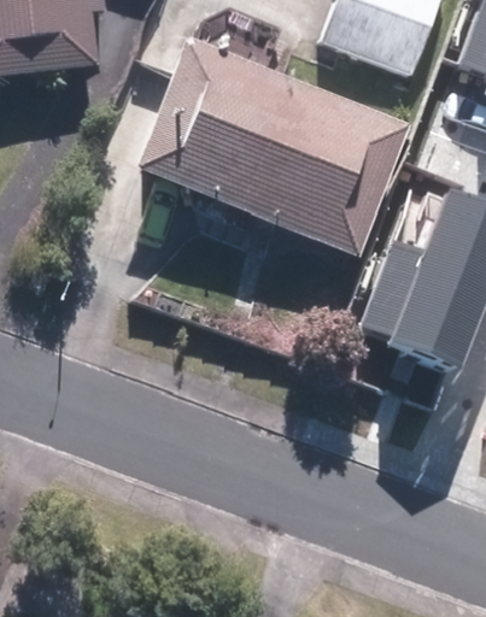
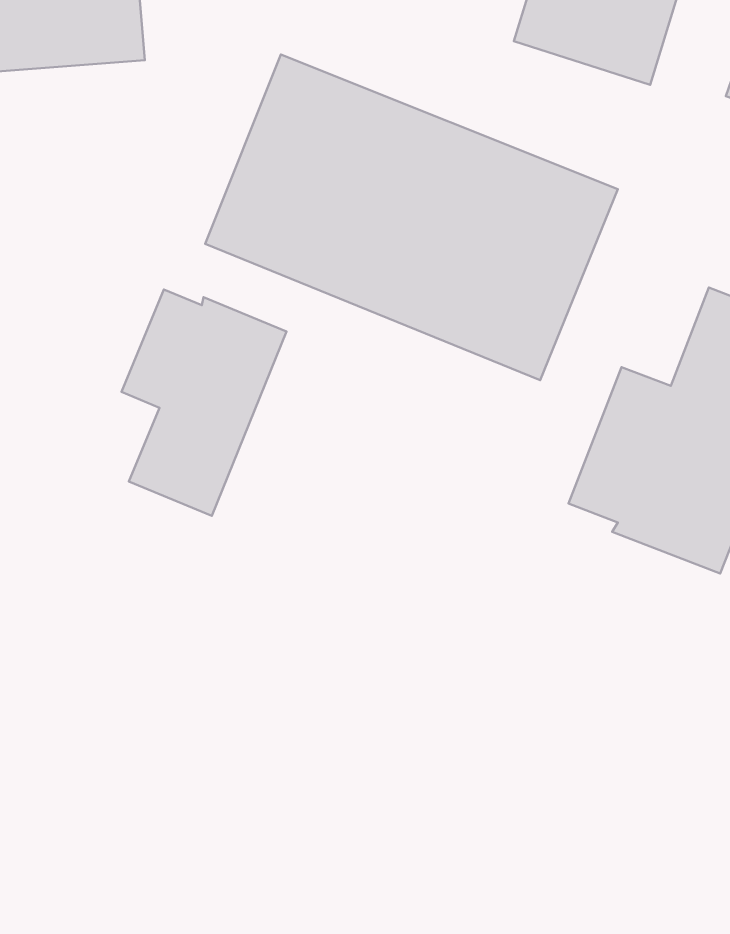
building: none -> [122,289,287,516]

